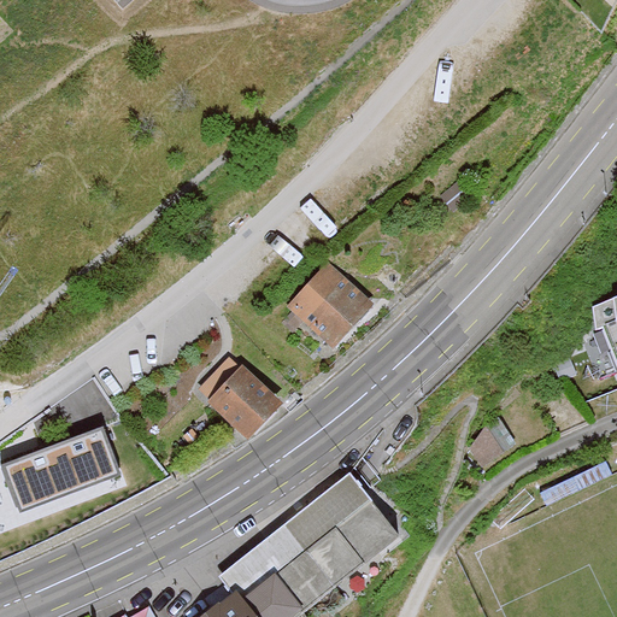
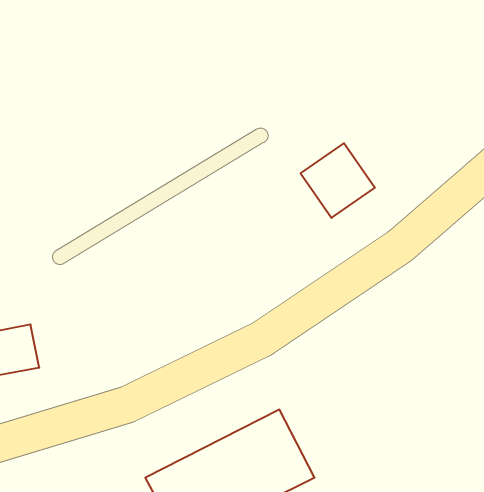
building: [284,263,366,345] -> [301,143,375,218]
building: [202,369,276,441] -> none

